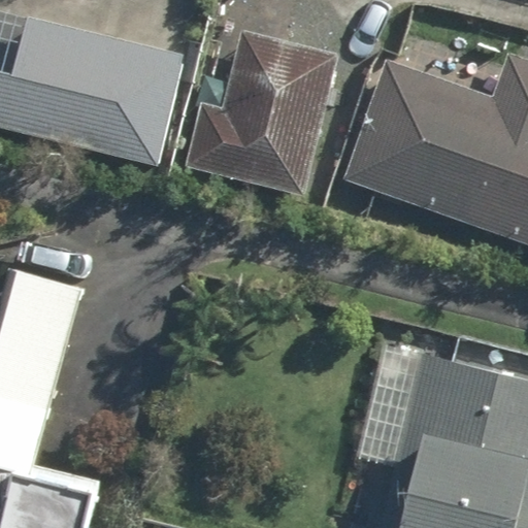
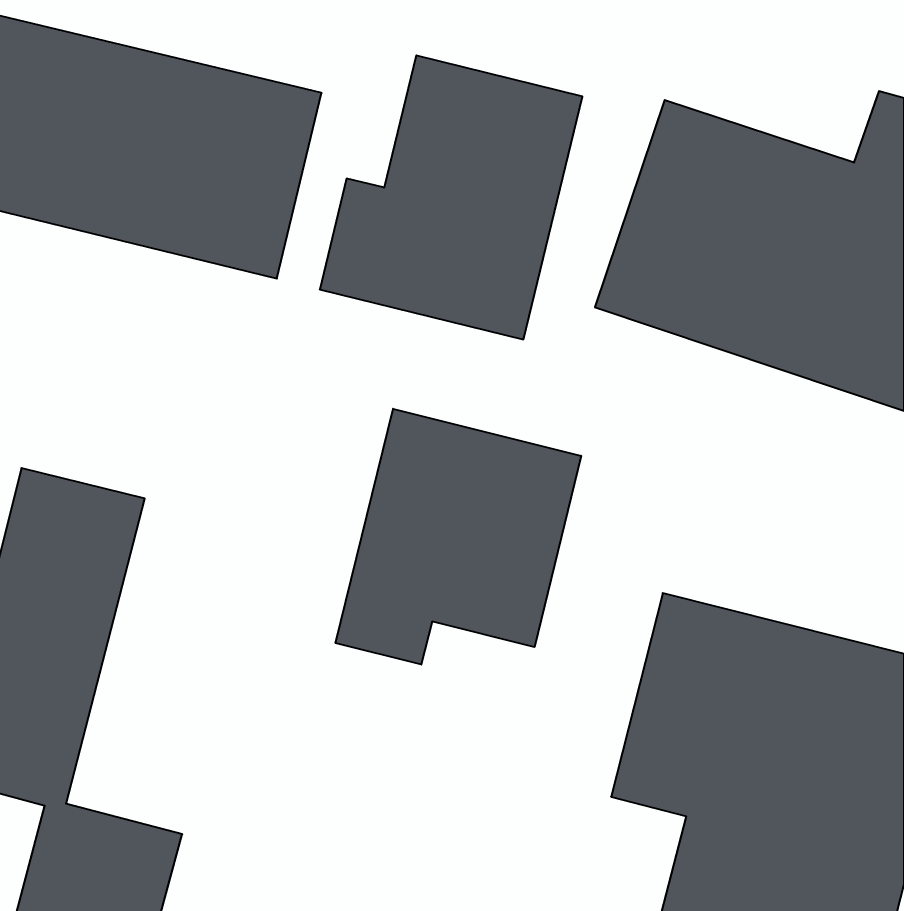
building: none -> [336,409,581,665]

